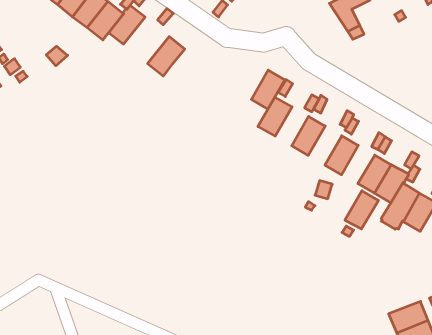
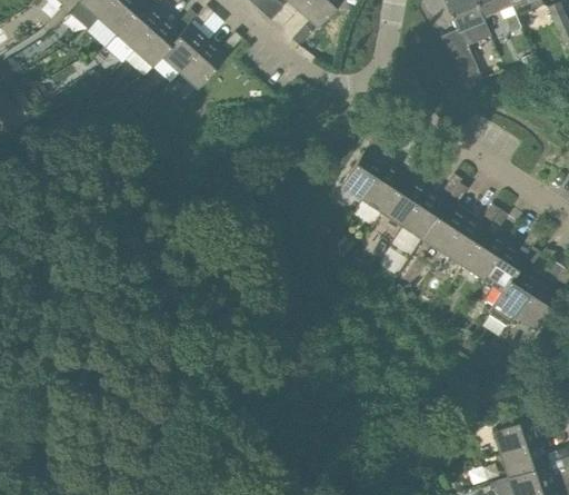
building: [148,37,185,76] -> [177,42,224,91]
building: [251,70,285,109] -> [360,166,403,215]
building: none -> [400,192,443,241]
building: [345,191,378,229] -> [440,219,483,267]

